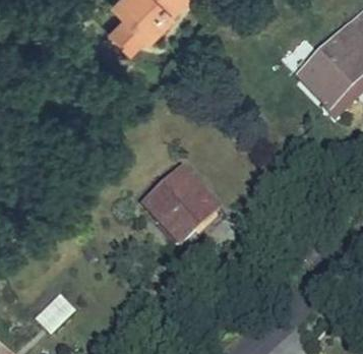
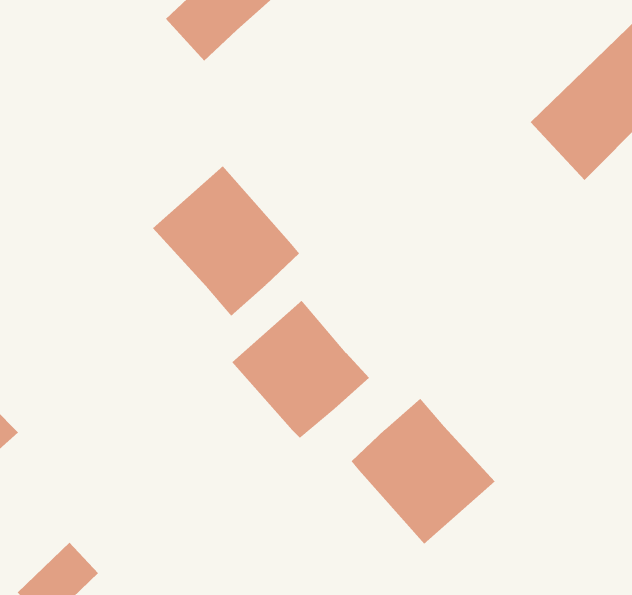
building: none -> [152,166,300,316]
building: none -> [351,398,495,545]

